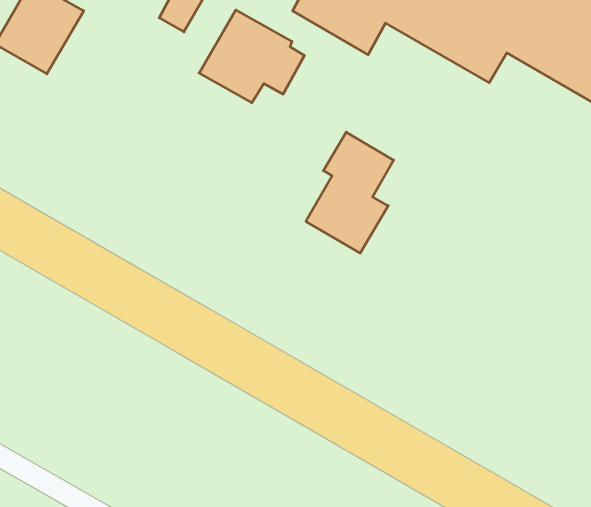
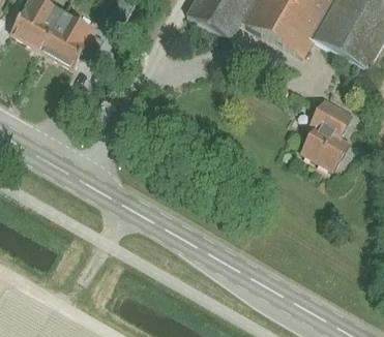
building: [199,10,304,103] -> [41,12,104,67]
building: [306,132,394,253] -> [301,98,353,170]

